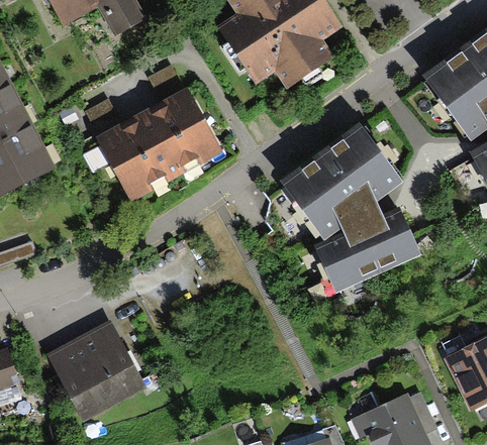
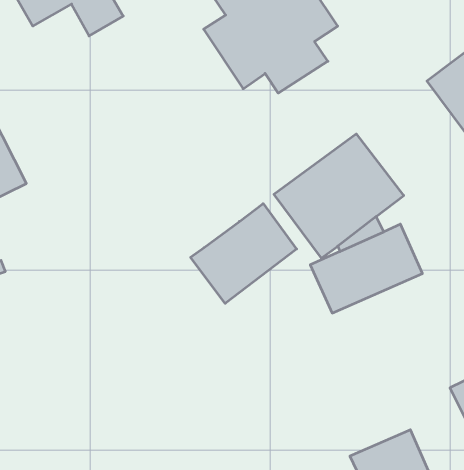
building: [86,67,221,199] -> none
building: none -> [191,204,297,303]
building: [40,318,150,423] -> none

